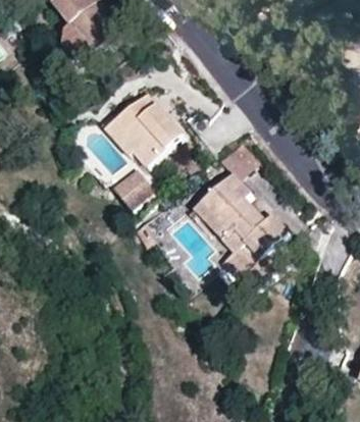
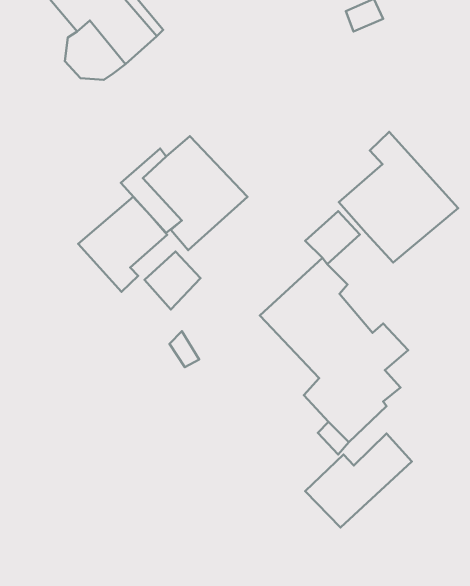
building: none -> [339,132,458,263]
building: none -> [78,197,167,292]
building: none -> [305,433,412,528]

